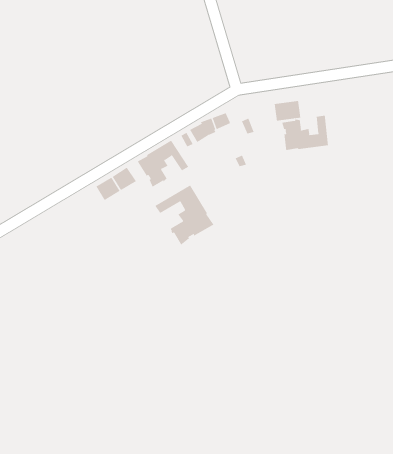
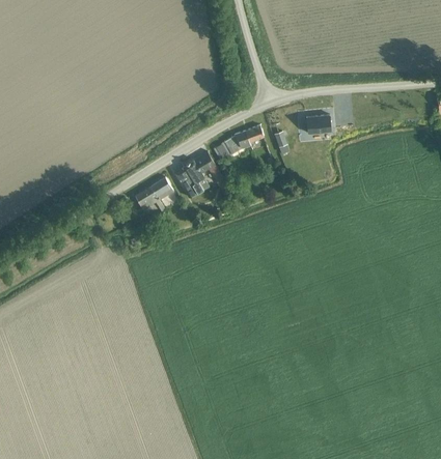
building: [281,115,329,151] -> none
building: [155,185,214,245] -> none

